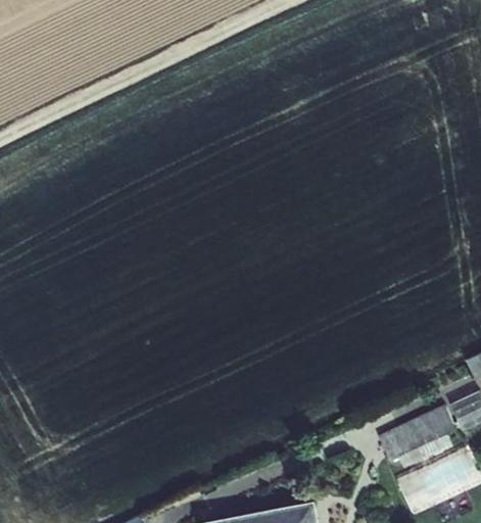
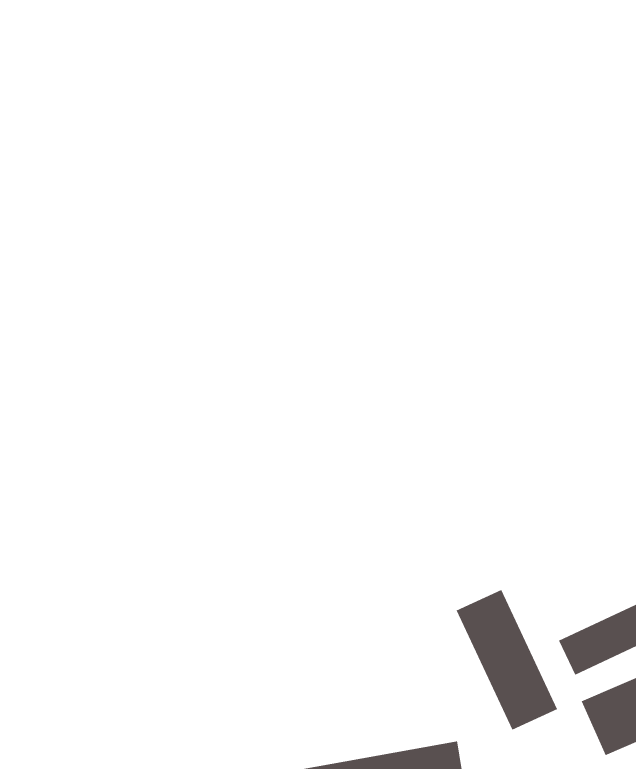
building: none -> [456,589,558,731]

